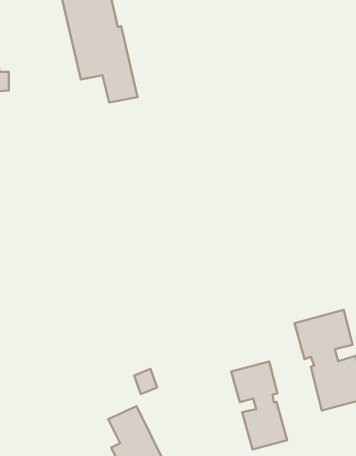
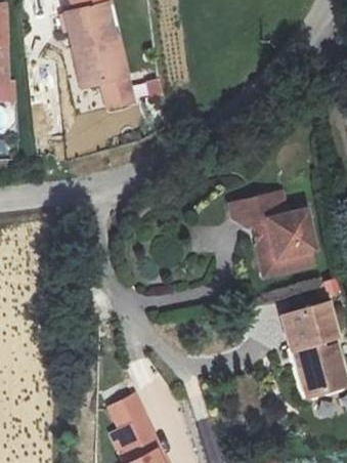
building: none -> [230,193,315,276]
building: [231,361,287,449] -> none

